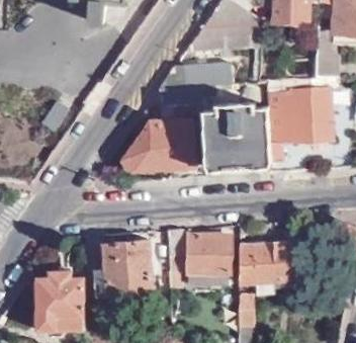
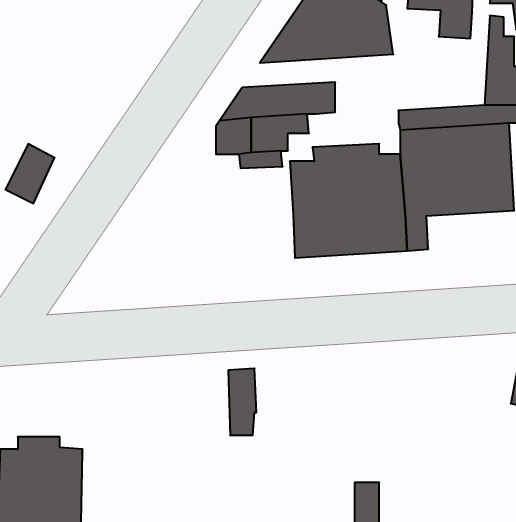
building: [124,119,205,170] -> none
building: [185,234,229,284] -> none
building: [93,242,152,298] -> none
building: [240,242,295,294] -> none

